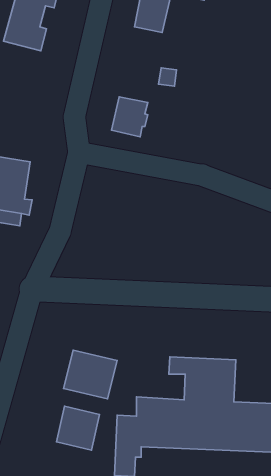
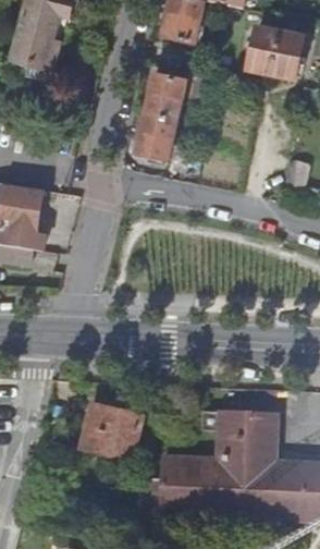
building: none -> [247,26,301,78]
building: none -> [144,74,185,121]
building: [57,406,100,450] -> none

